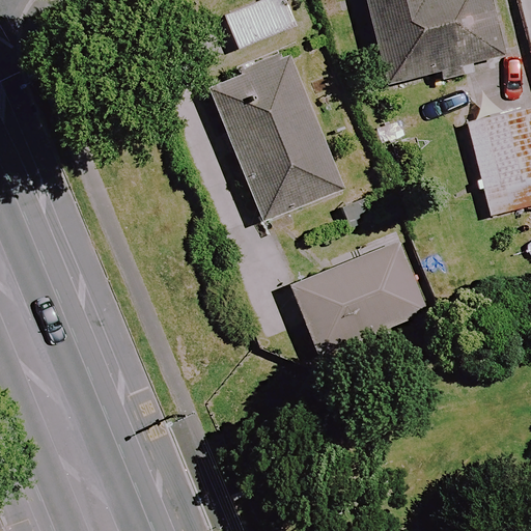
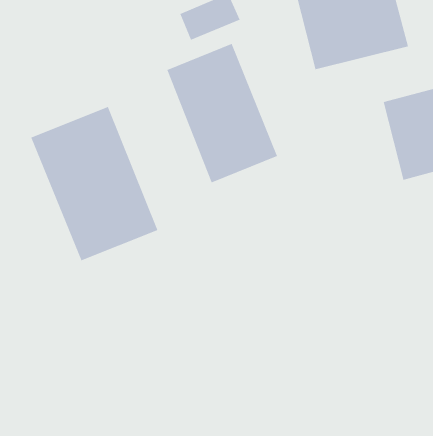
building: none -> [31,106,158,261]
building: [288,235,428,355] -> none

